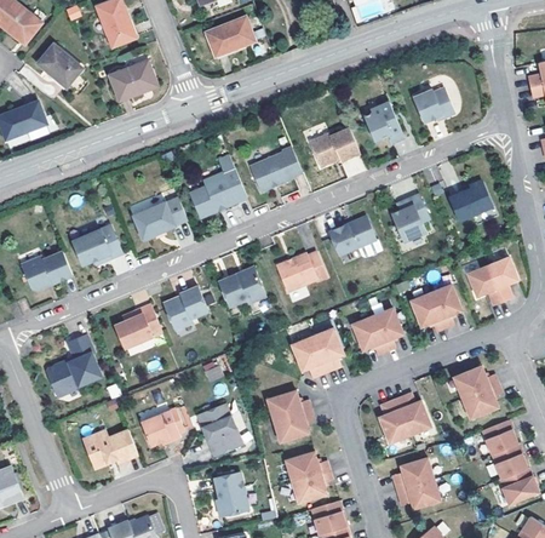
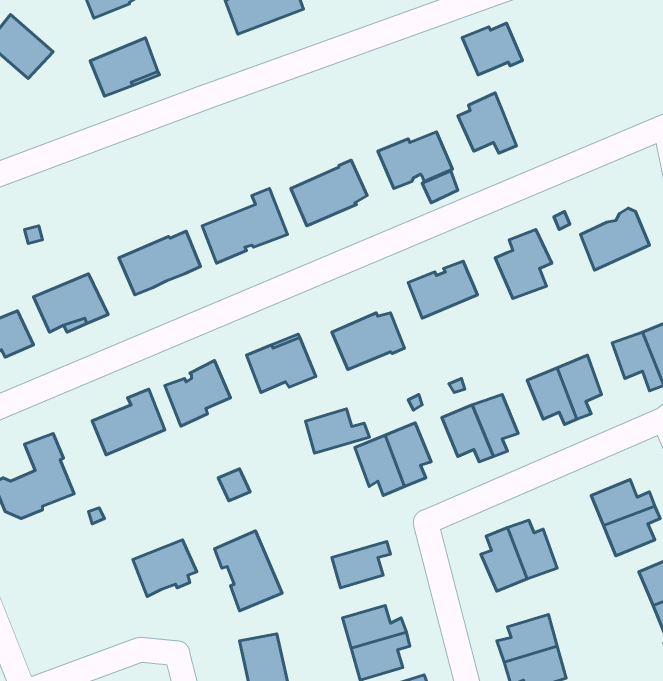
building: [413,91,454,126] -> [462,23,522,75]
building: [270,389,314,419] -> [306,409,370,453]
building: [84,428,138,470] -> none

